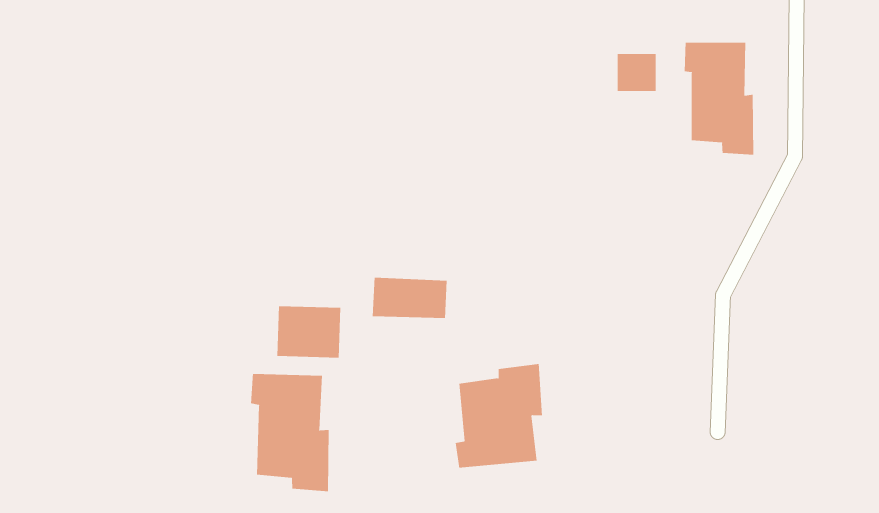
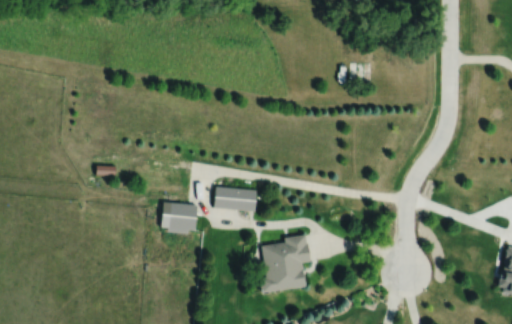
building: [684,42,754,156] -> none
building: [251,373,329,492] -> none

